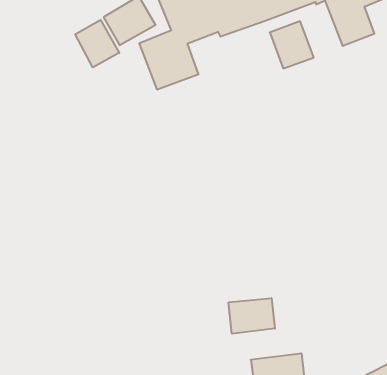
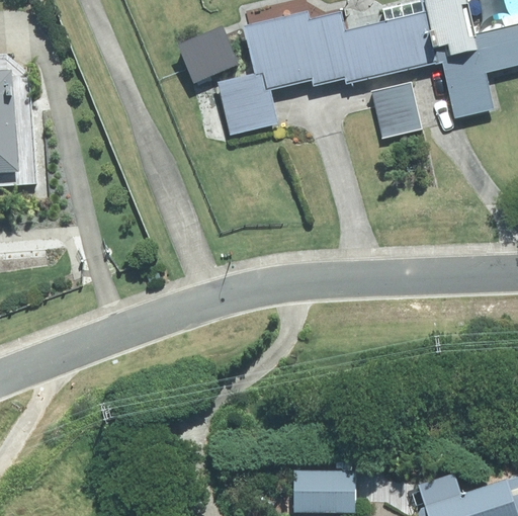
building: [75,20,119,67] -> none
building: [229,298,275,334] -> none

